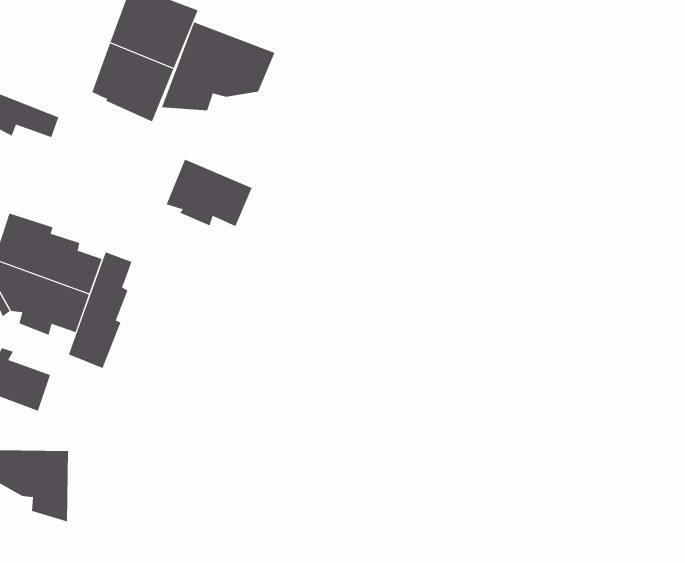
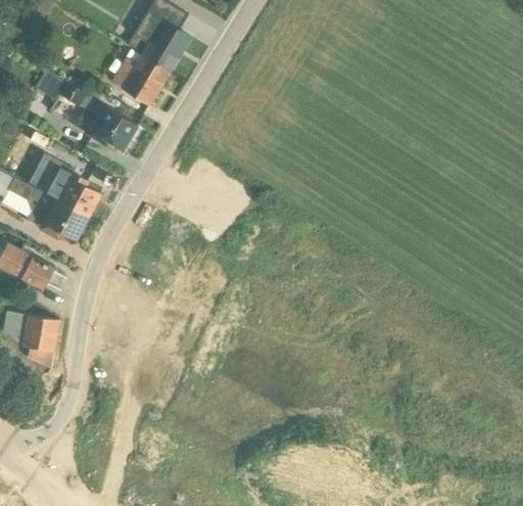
building: [161,22,275,111] -> none
building: [166,159,253,227] -> [79,98,139,149]
building: [68,252,132,369] -> none

